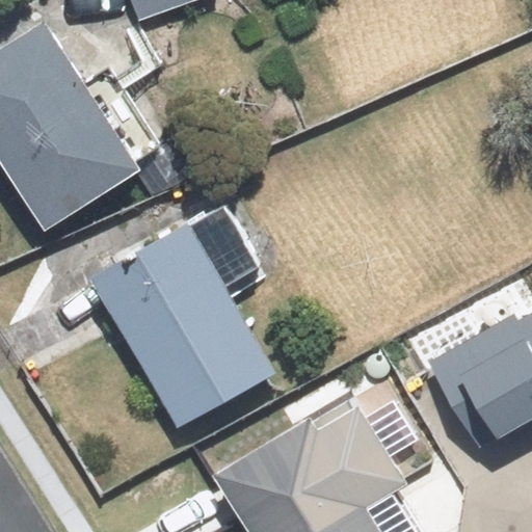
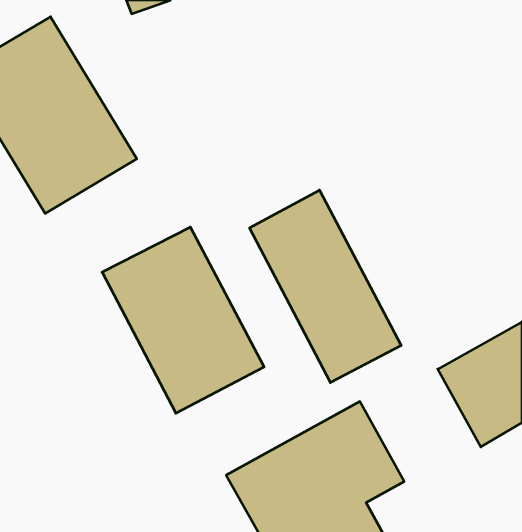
building: none -> [250,190,401,383]

